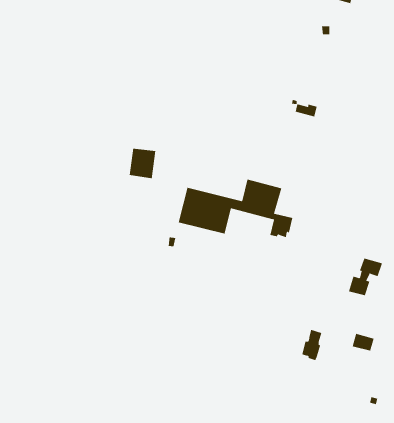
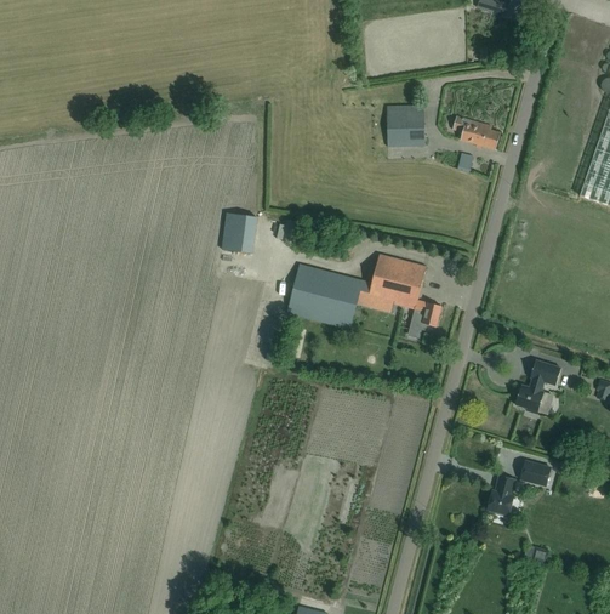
building: none -> [388,106,426,148]
building: none -> [452,116,501,150]
building: [301,329,322,361] -> [488,476,515,518]

